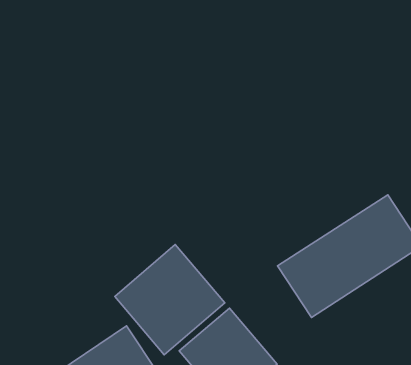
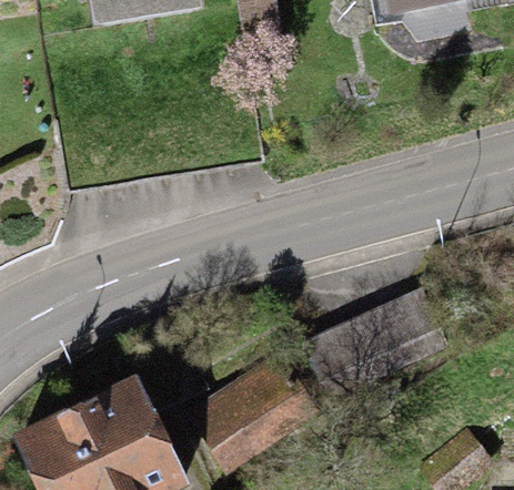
building: [115,244,225,355] -> none

